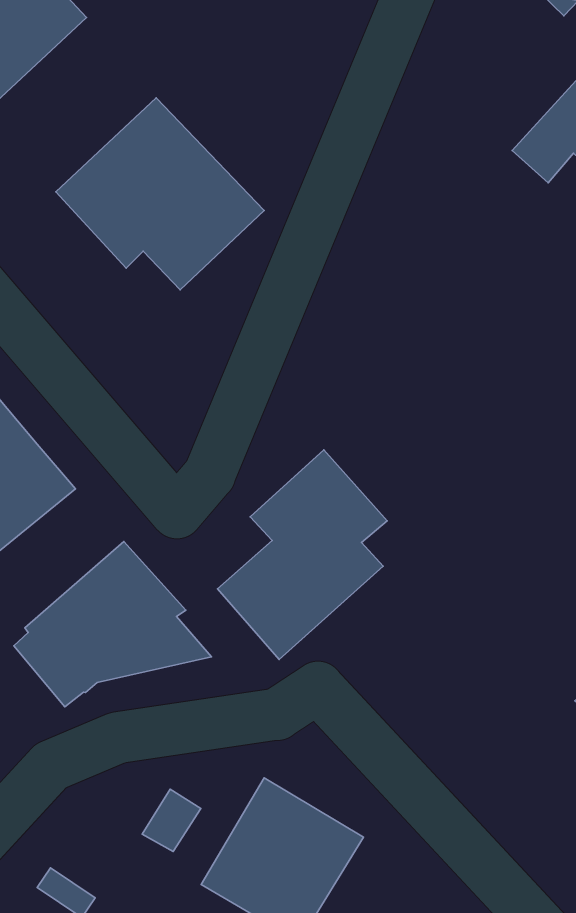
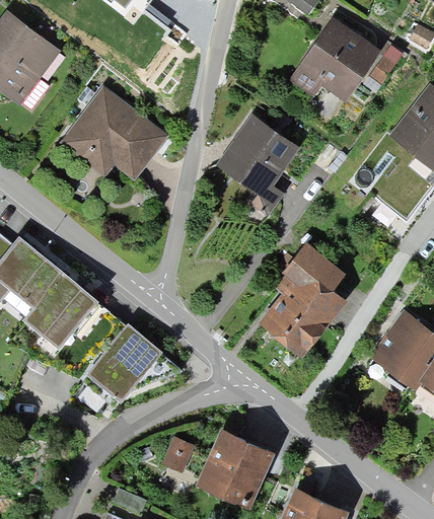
building: none -> [217,117,294,212]
building: [218,450,387,660] -> [264,242,346,353]

